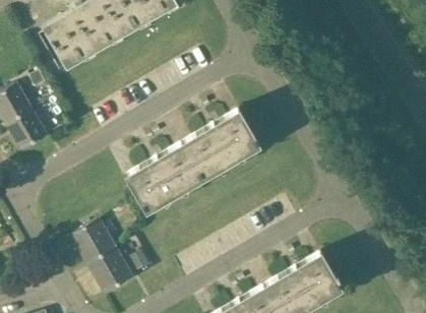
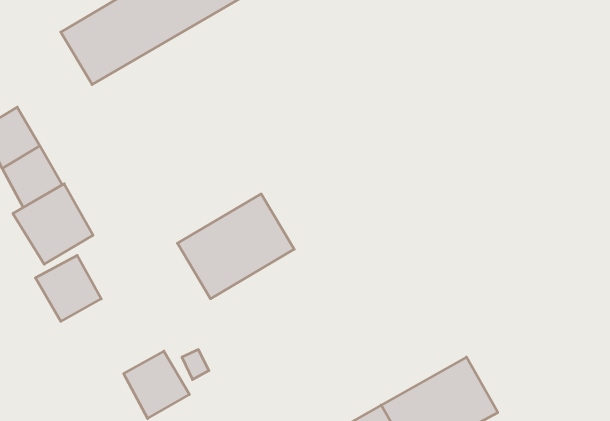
building: [182,110,261,180] -> none
building: none -> [13,184,93,264]
building: [71,220,116,264] -> [35,255,101,321]

